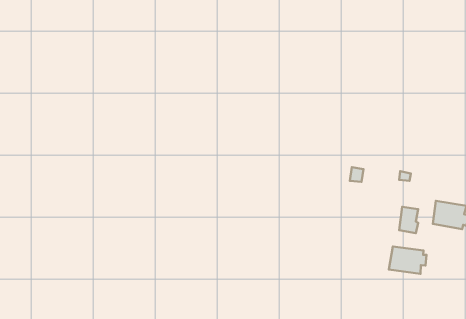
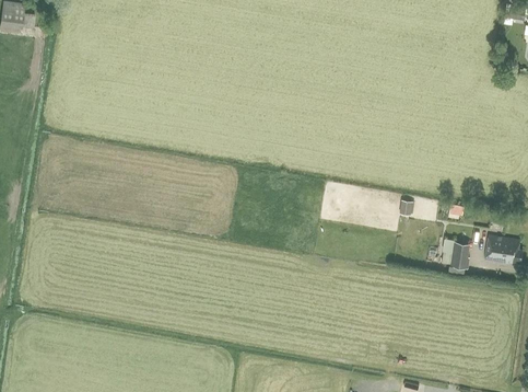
building: [389,247,427,274] -> none

